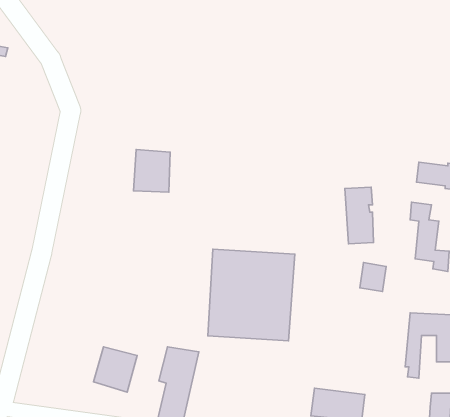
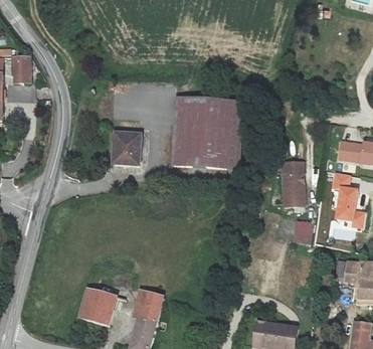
building: none -> [13,56,31,81]
building: [208,249,295,341] -> [173,96,242,169]

